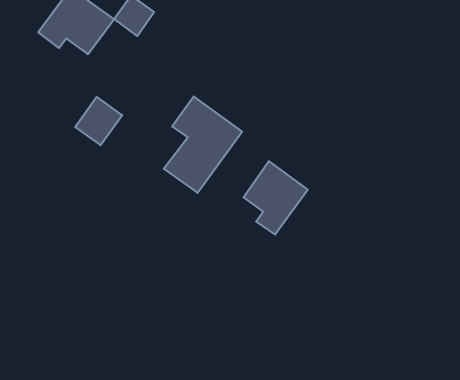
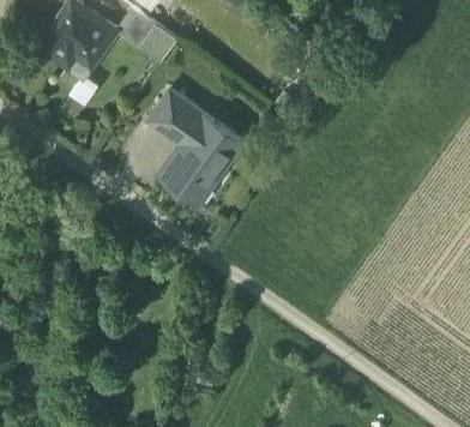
building: [75,97,122,145] -> [147,91,194,139]
building: [244,161,308,235] -> none

